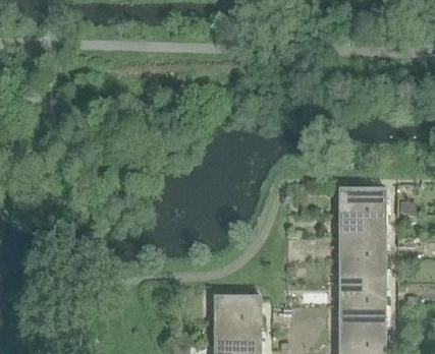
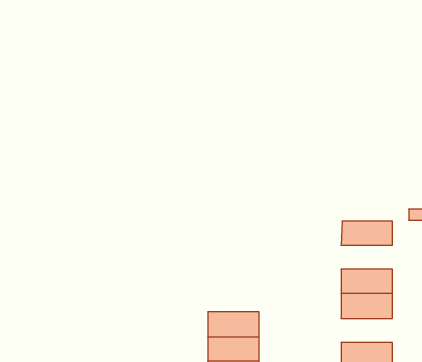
building: [339,189,386,213] -> none
building: [338,235,386,257] -> none
building: [338,303,386,326] -> none

